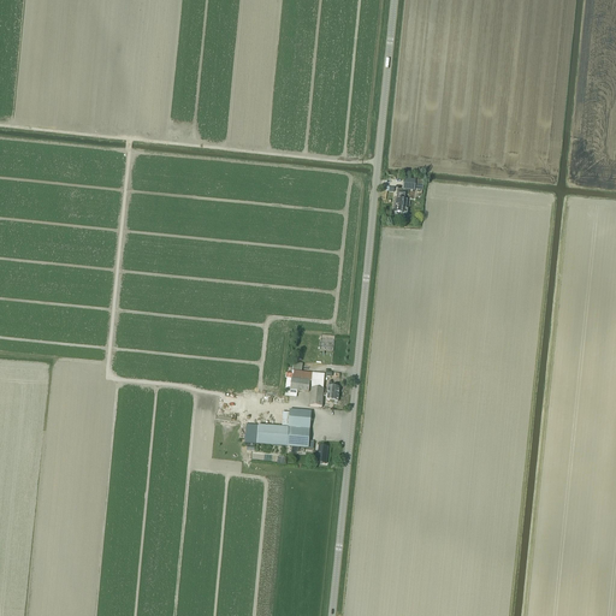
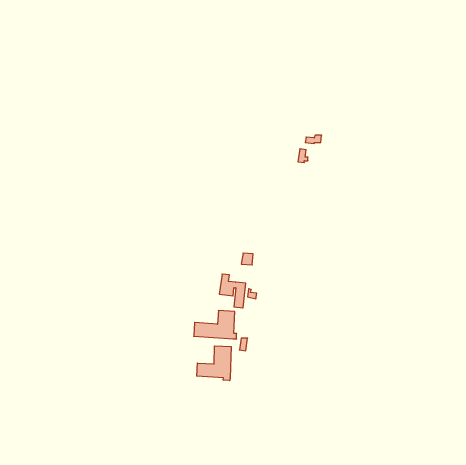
building: none -> [197,346,231,381]

